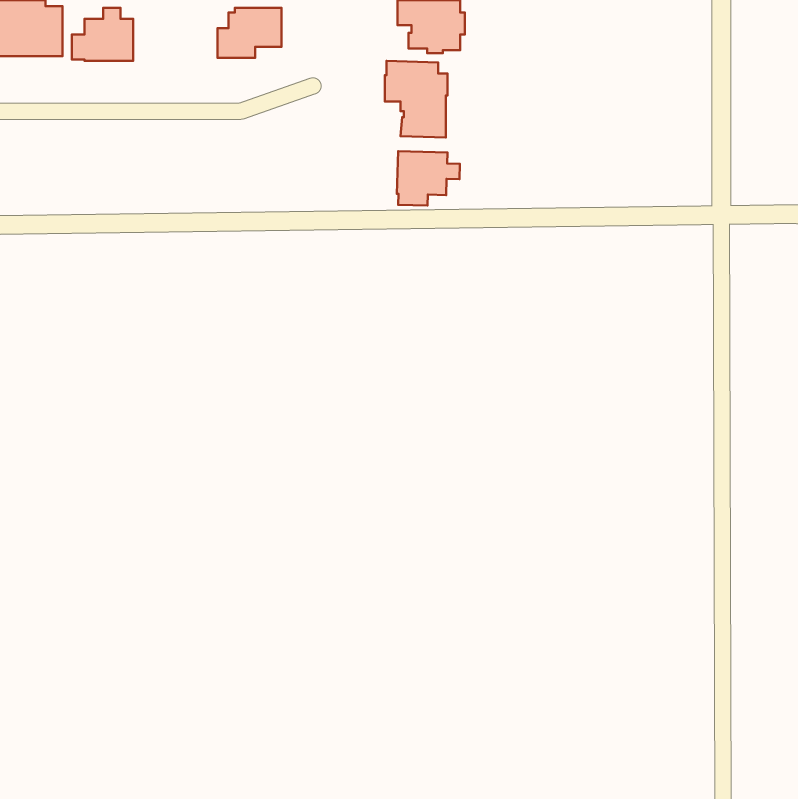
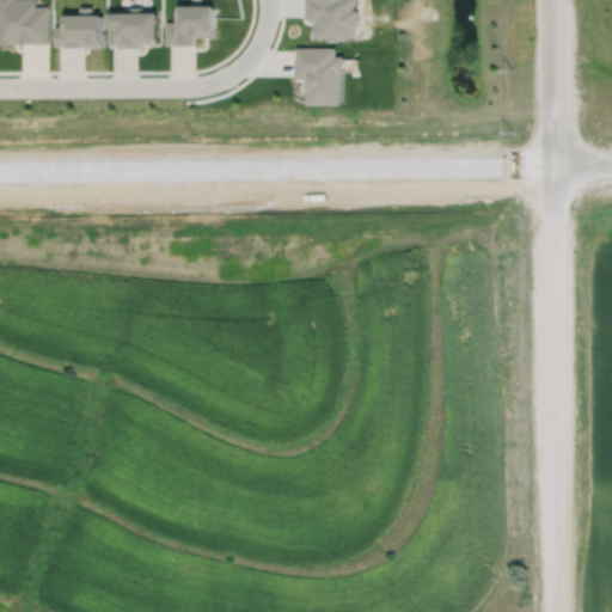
building: none -> [109,6,158,47]
building: [397,151,460,206] -> none

